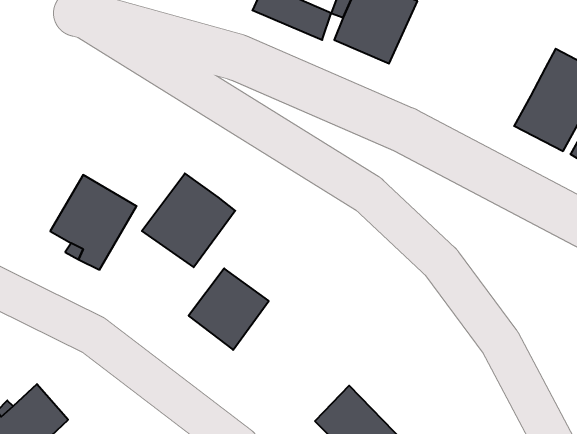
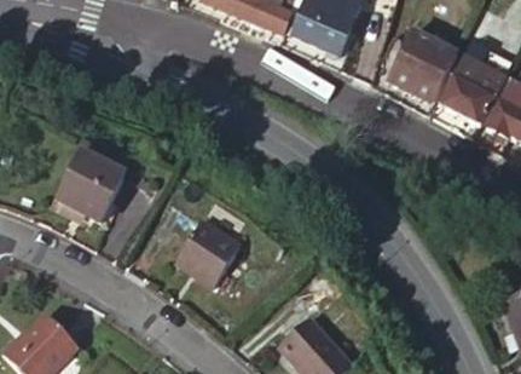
building: none -> [388,30,457,102]
building: [142,173,235,267] -> none

